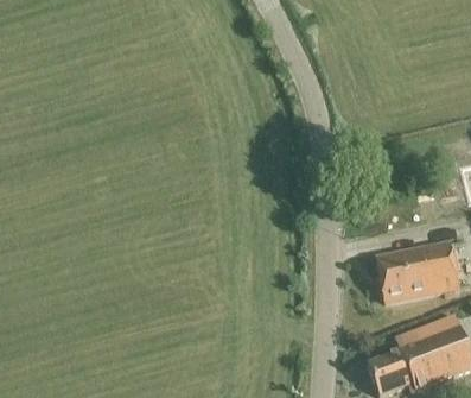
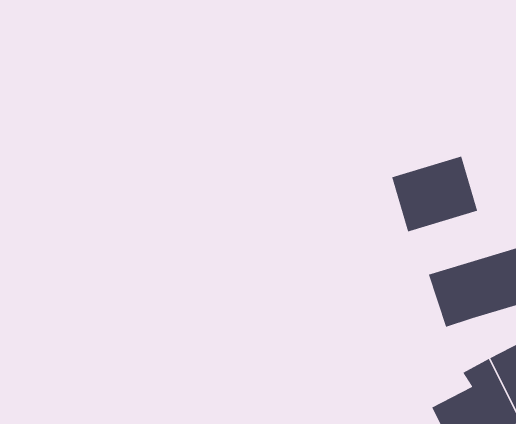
building: none -> [391,155,478,233]

